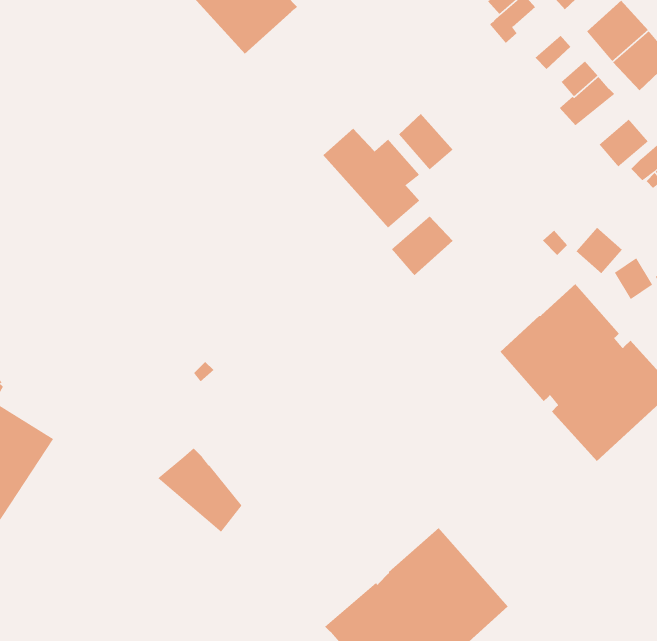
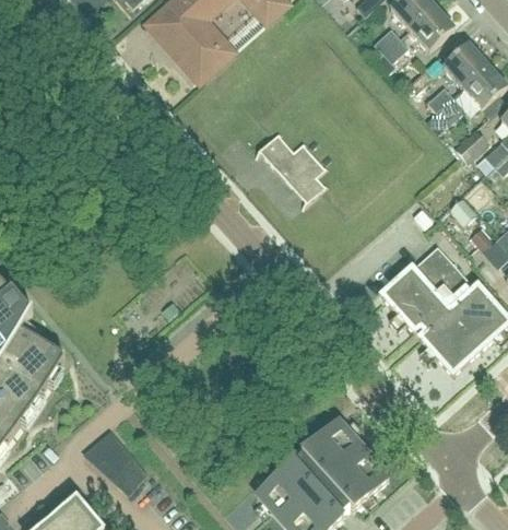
building: [398,113,454,171] -> none
building: [391,215,453,276] -> none
building: [157,448,242,533] -> [82,428,143,490]

